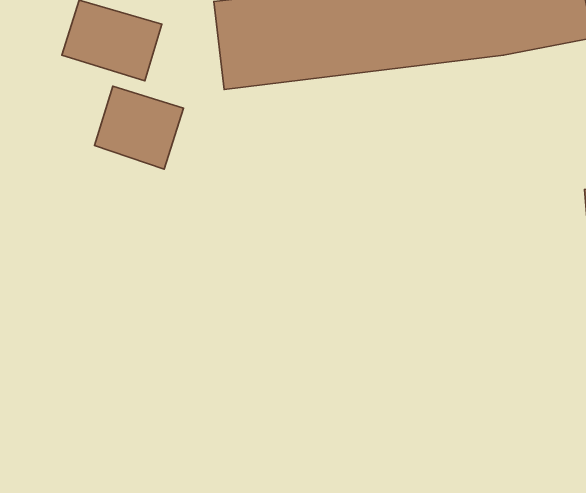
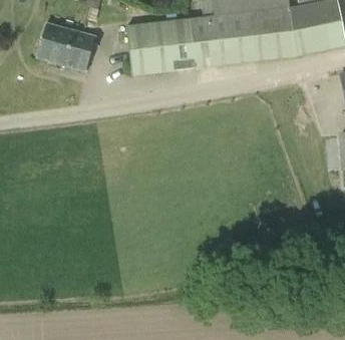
building: [94,86,184,169] -> none

